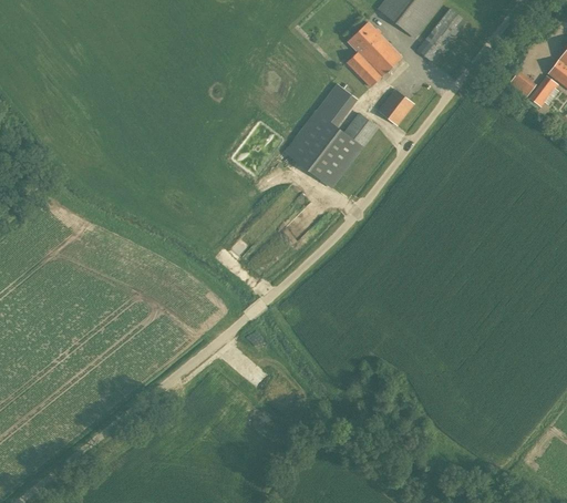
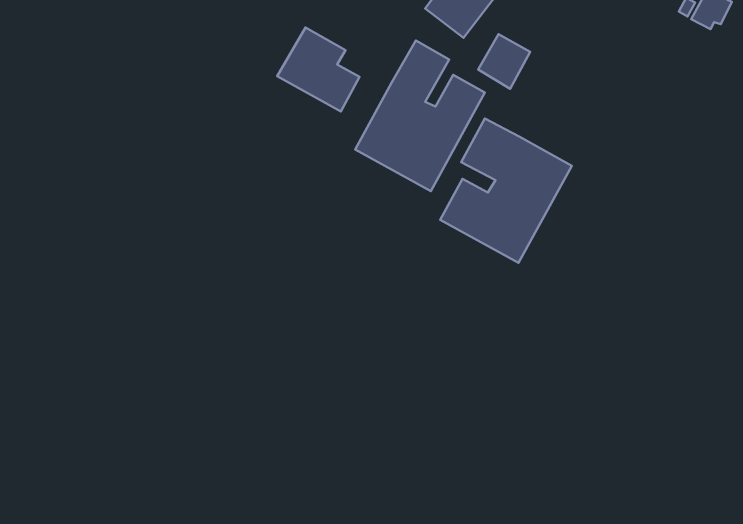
building: none -> [277,28,359,111]
building: none -> [440,119,572,263]

